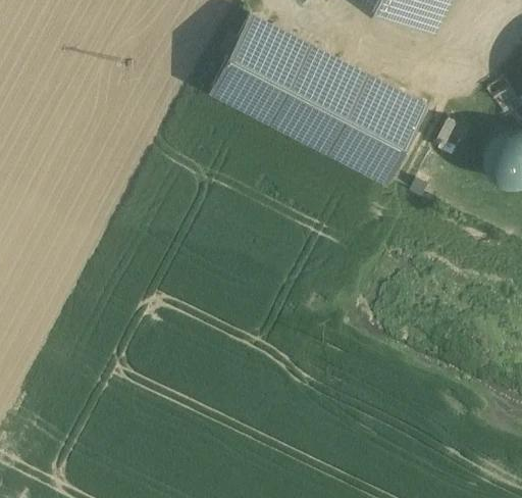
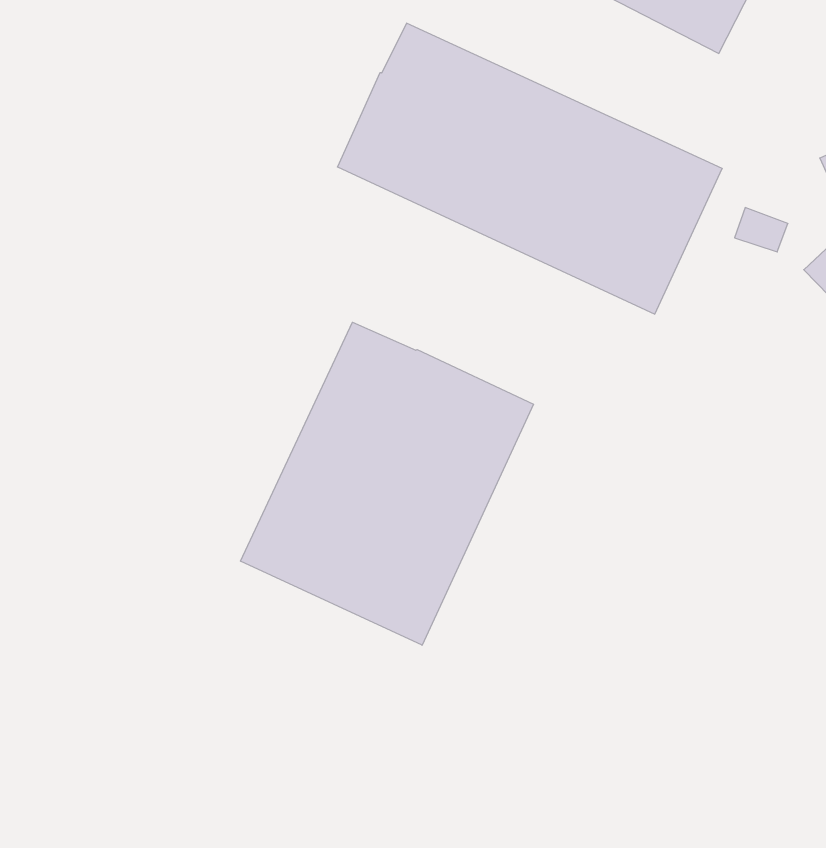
building: none -> [241,322,534,645]

